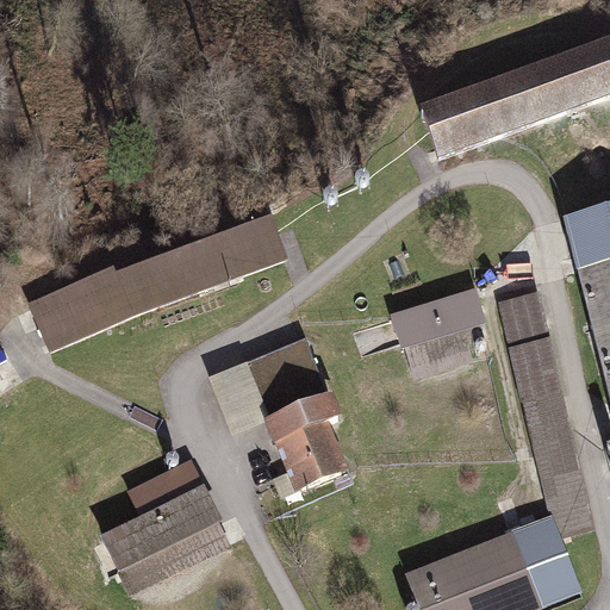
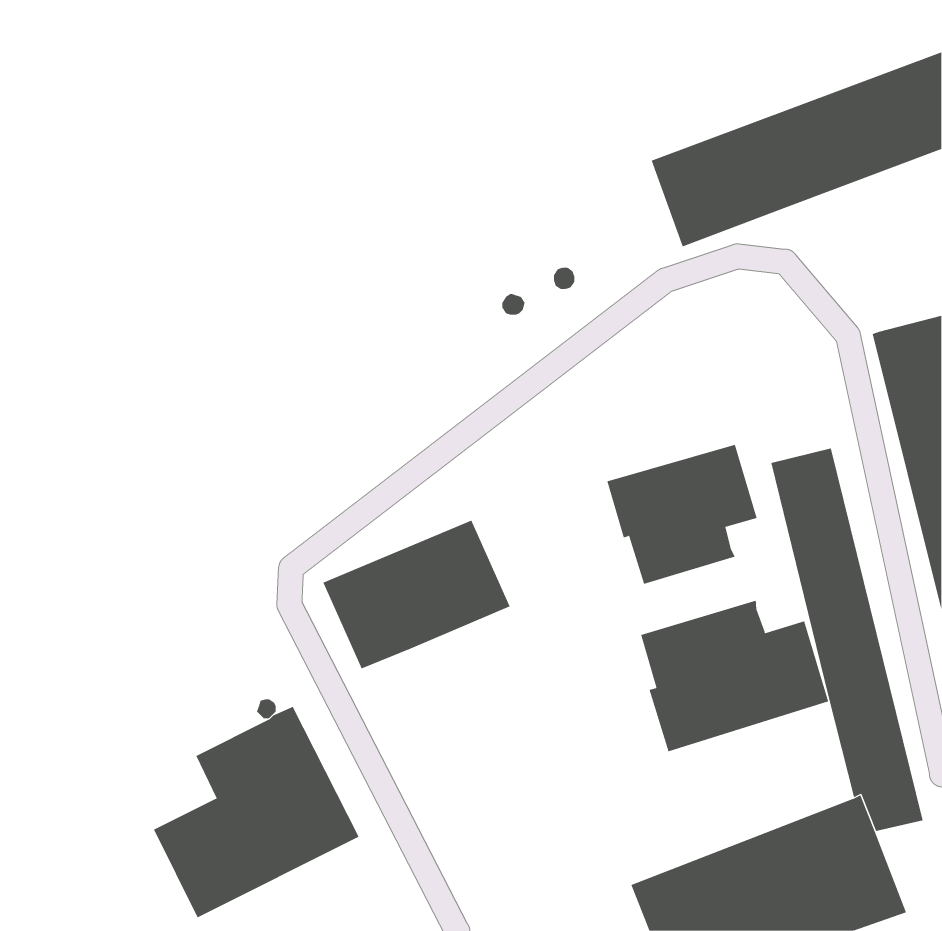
building: [27,210,288,350] -> none
building: none -> [640,600,829,752]
building: [266,391,348,492] -> none

